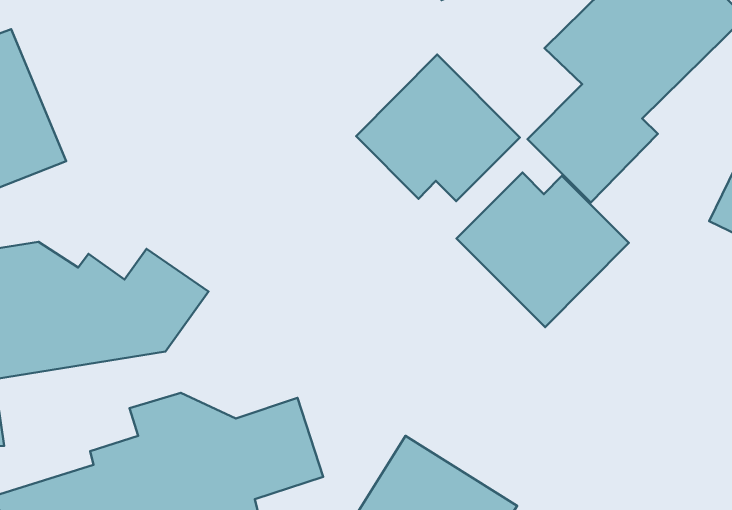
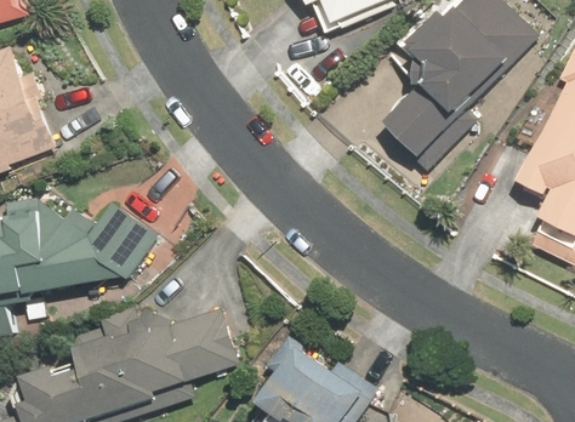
building: [356,55,520,201] -> none
building: [457,172,629,327] -> none

